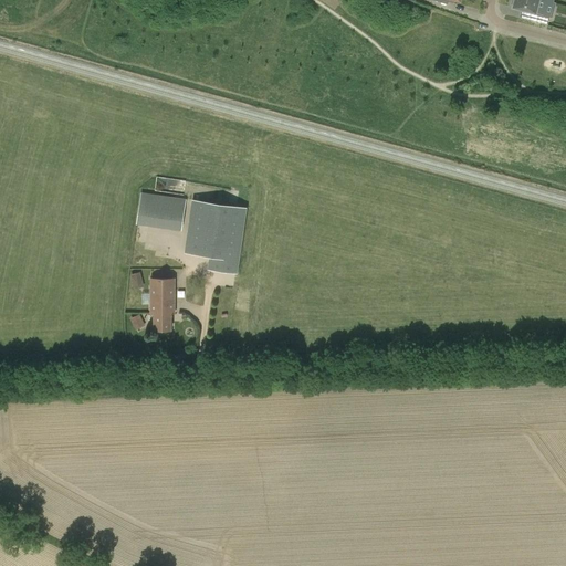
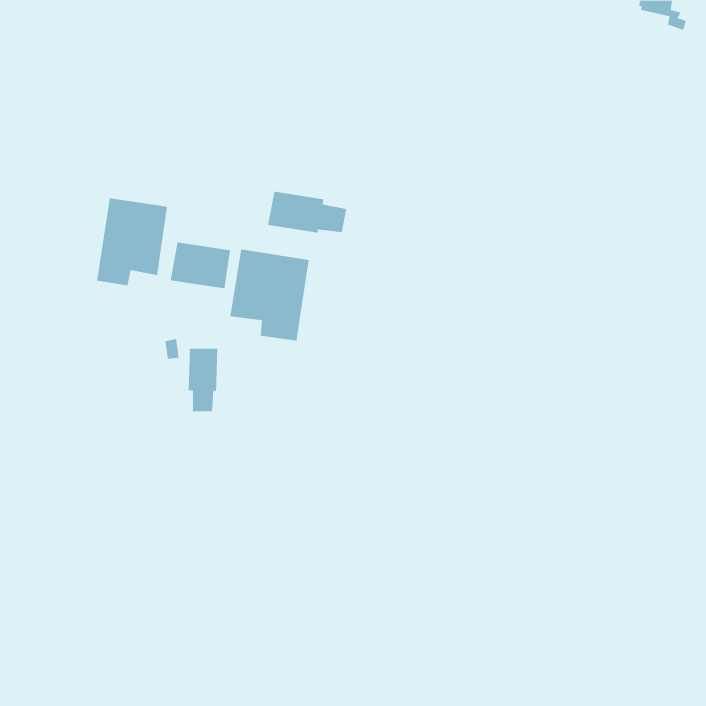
building: none -> [268,191,347,234]
building: none -> [96,197,168,286]

